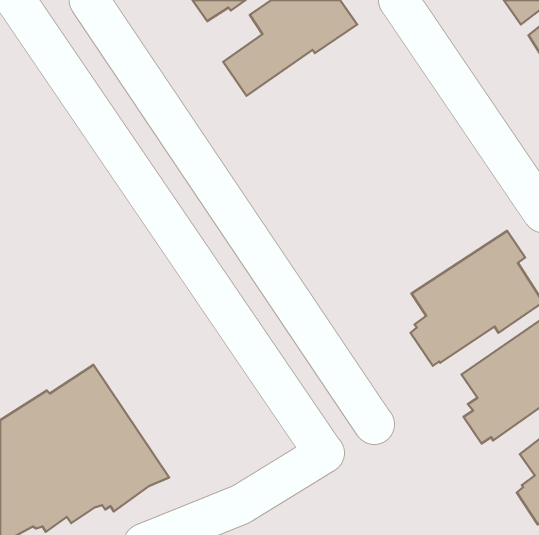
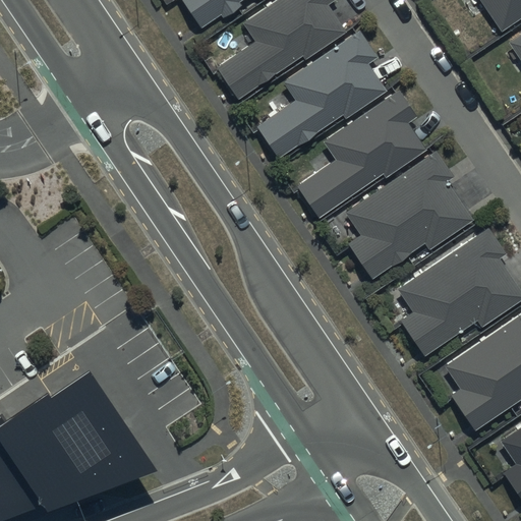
building: none -> [257,31,388,158]
building: none -> [298,90,426,217]
building: none -> [345,151,473,285]

